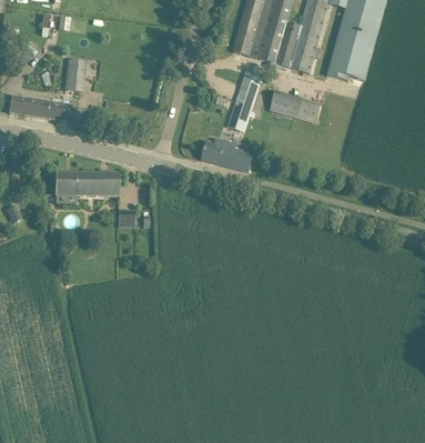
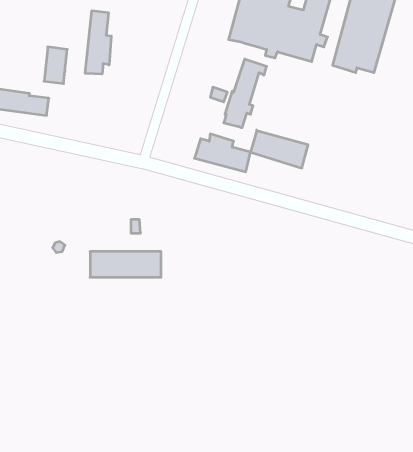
building: none -> [85,11,111,74]
building: [269,90,321,124] -> [251,130,308,168]
building: [54,172,119,195] -> [90,252,161,277]

